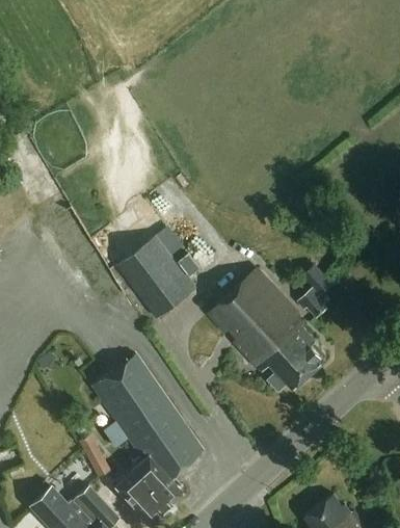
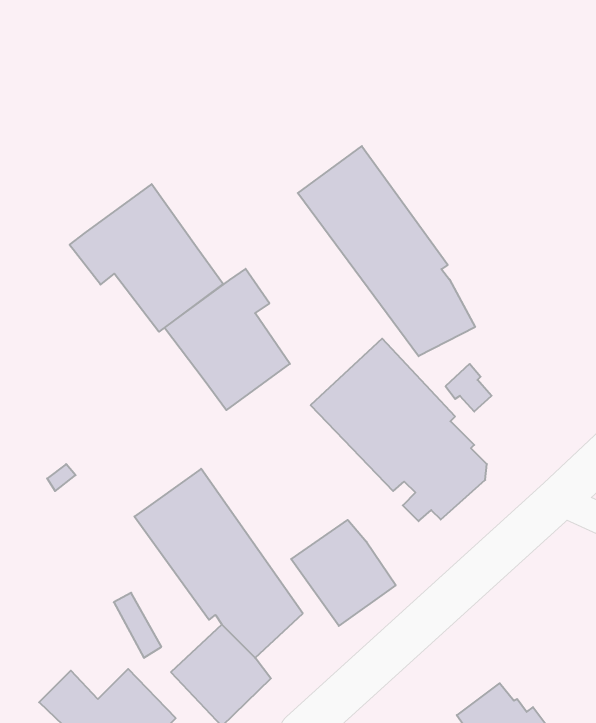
building: none -> [298,146,475,356]
building: none -> [70,184,223,332]
building: none -> [291,520,396,626]

